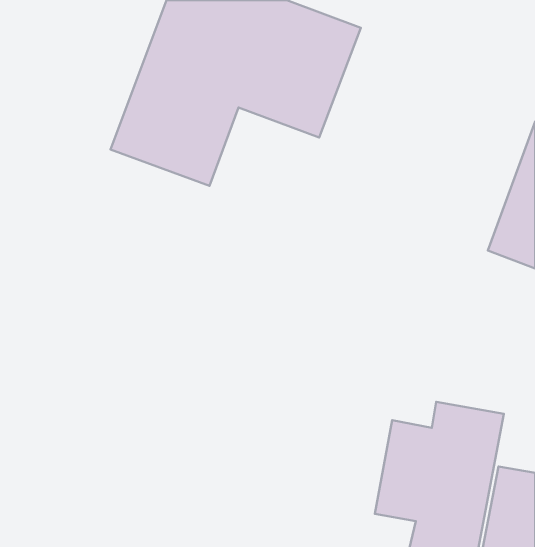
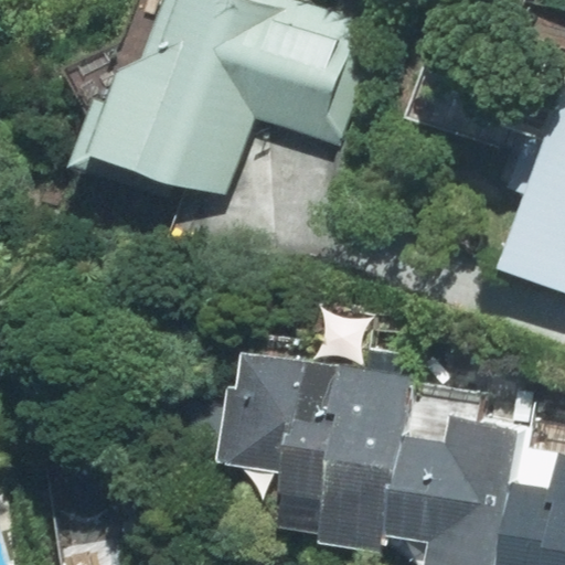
building: none -> [216,350,407,552]

